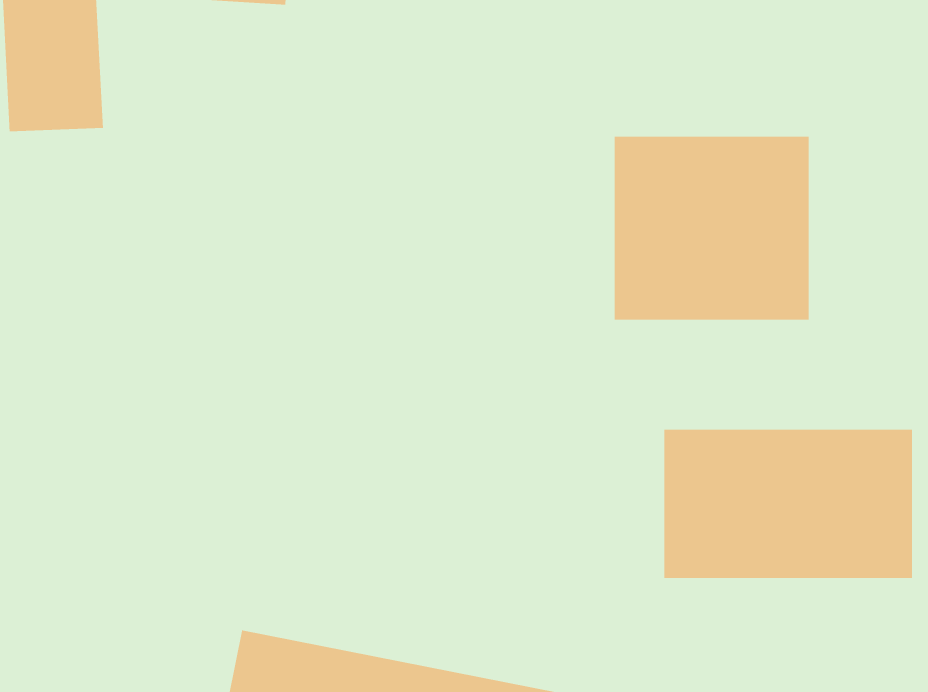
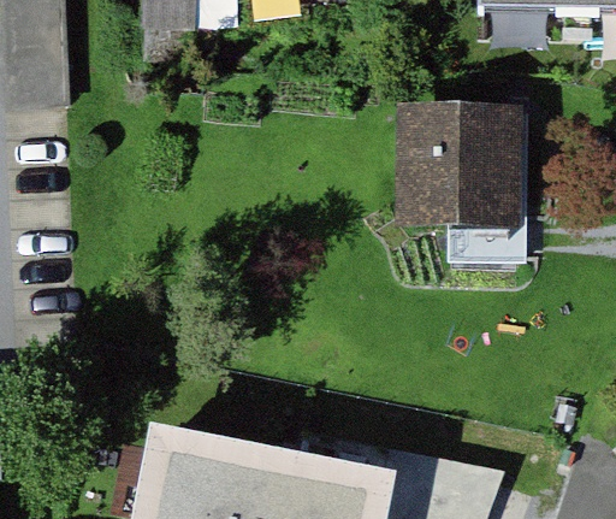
building: [664,429,913,579] -> none

